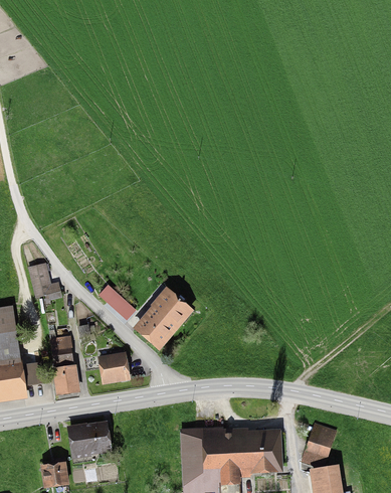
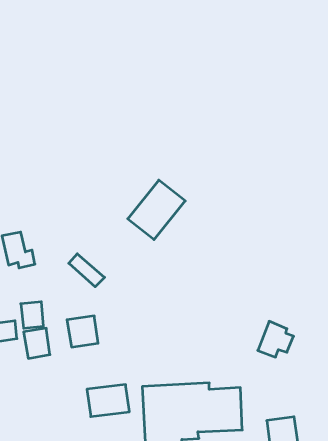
building: [131,289,192,352] -> [128,180,185,240]
building: [64,422,110,456] -> [87,385,129,417]
building: [305,424,343,462] -> [258,321,294,357]
building: [42,456,66,481] -> none

